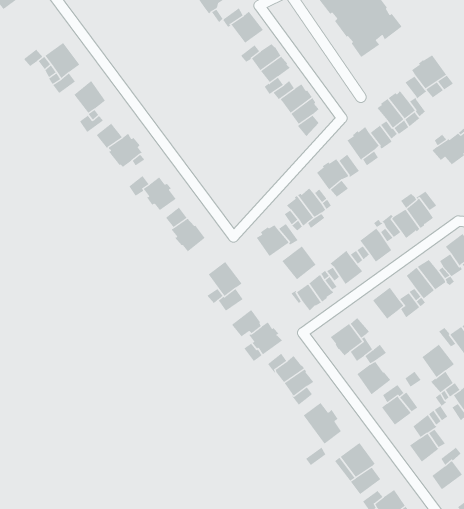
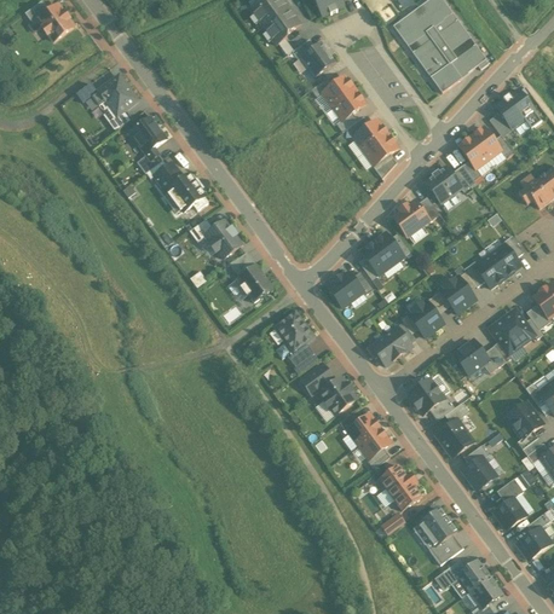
building: [281,245,316,280] -> none

